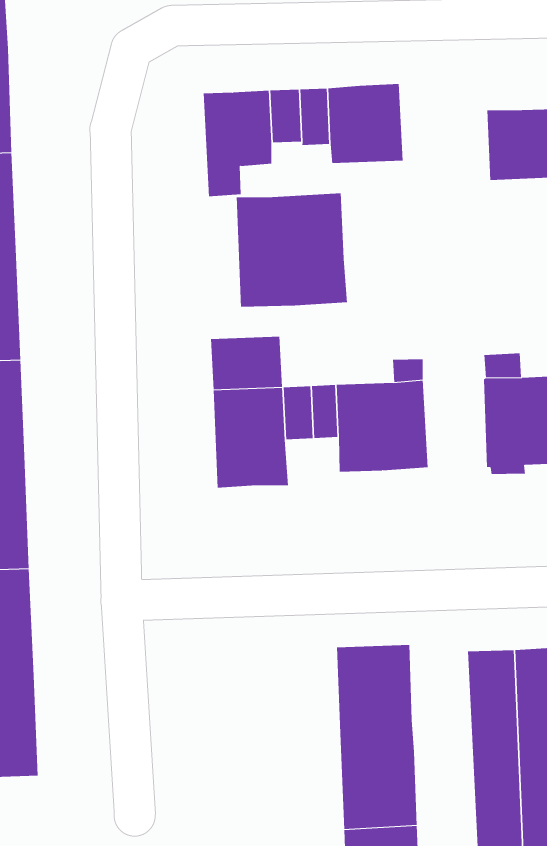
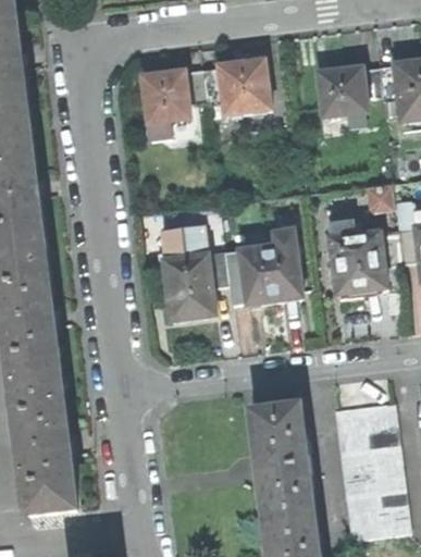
building: [236,192,348,308] -> none

